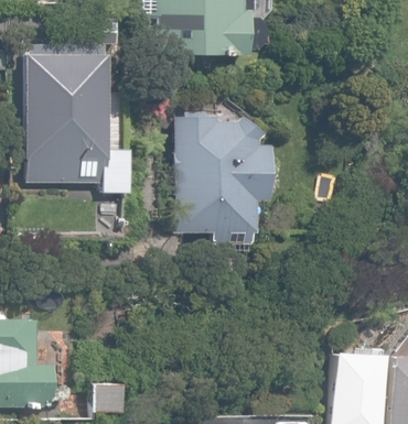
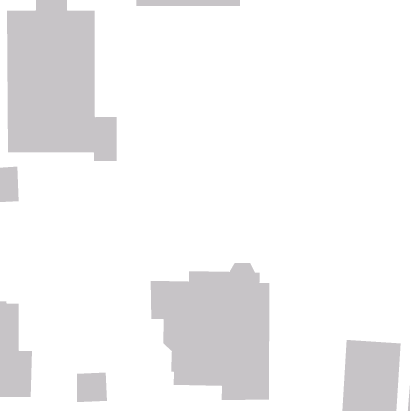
building: [175,110,262,242] -> none
building: none -> [150,262,270,401]

